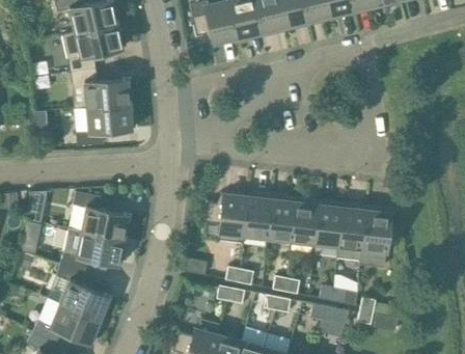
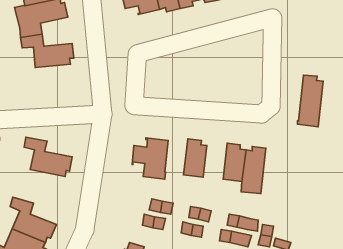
building: [76,103,136,145] -> none
building: [244,191,272,237] -> none
building: [291,197,320,242] -> none
building: [359,205,390,267] -> [297,75,323,127]
building: [60,230,126,271] -> none

